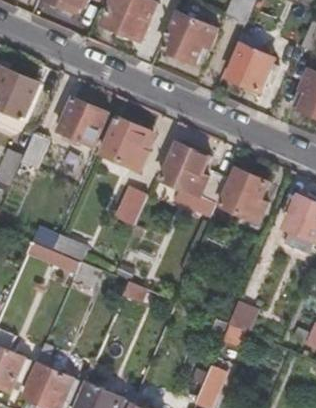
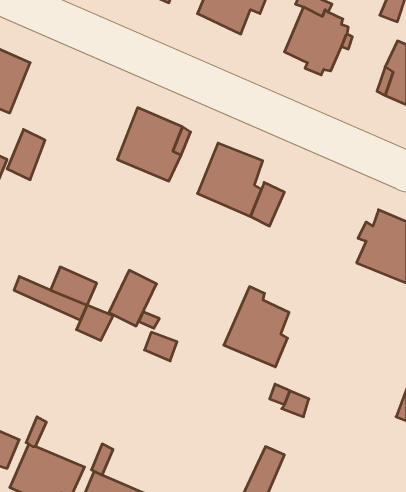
building: [57,98,107,149] -> none
building: [221,163,269,222] -> [224,287,289,367]
building: [109,185,144,226] -> [109,270,157,326]

